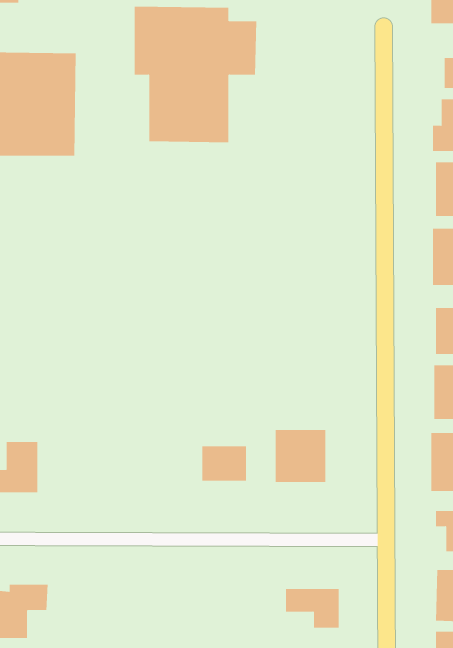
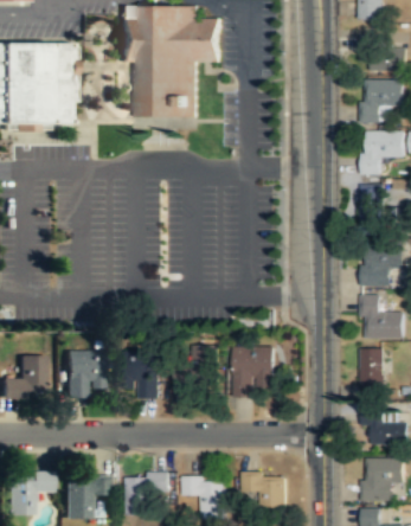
building: none -> [64,352,102,399]
building: none -> [123,361,159,398]
building: none -> [126,472,169,509]
building: none -> [64,475,107,518]
building: none -> [182,476,226,518]

